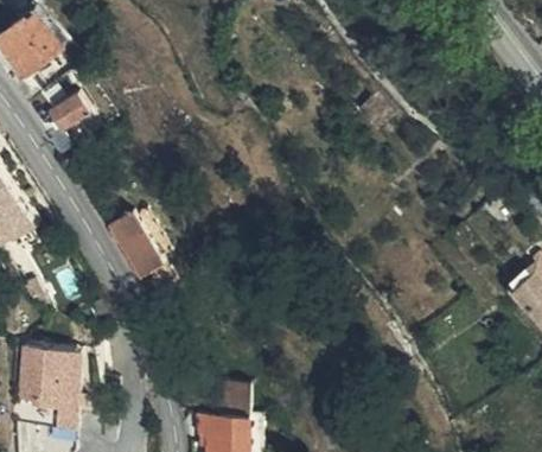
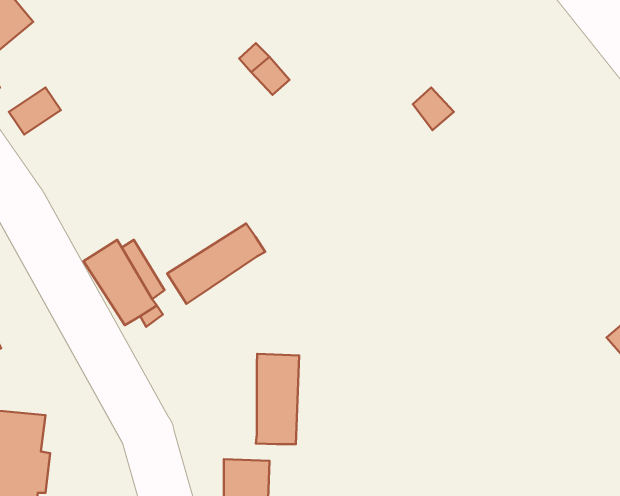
building: none -> [167,223,265,304]
building: none -> [256,354,299,444]

